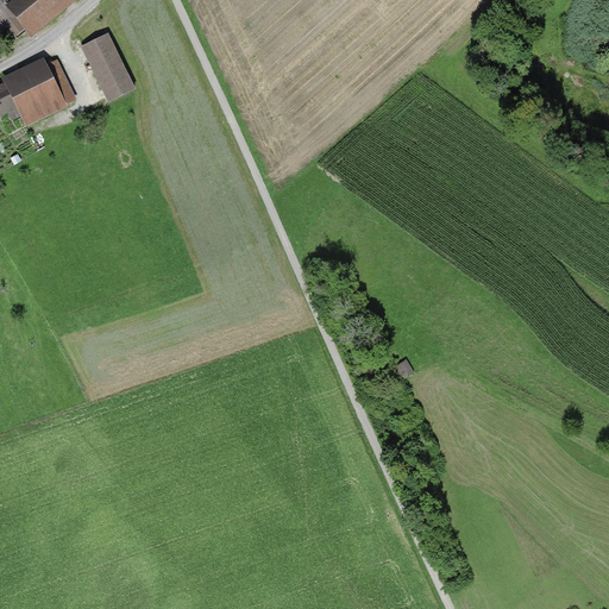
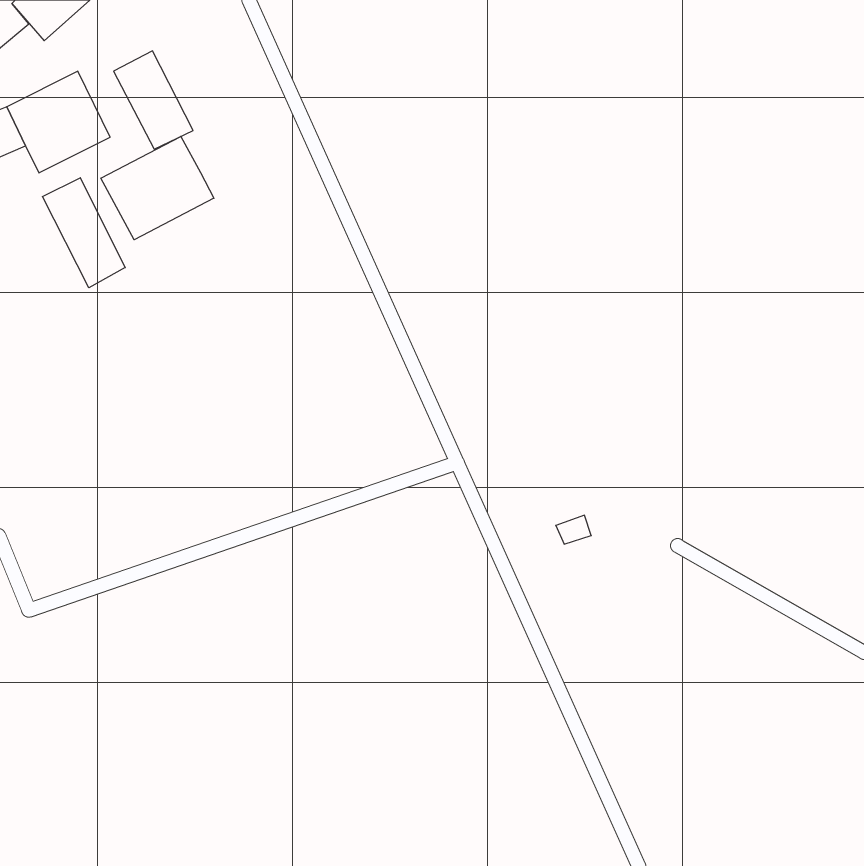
building: none -> [101,136,214,240]
building: none -> [42,178,125,288]

